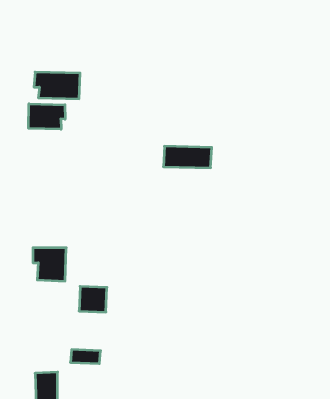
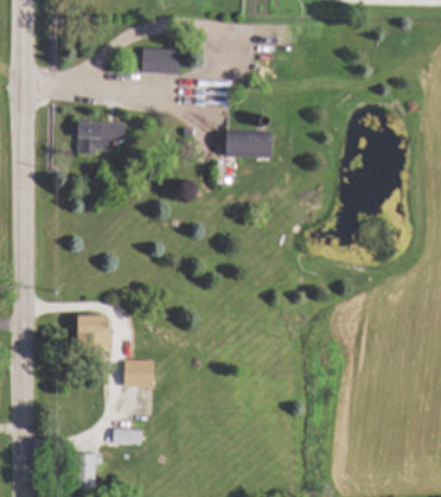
building: none -> [141,49,177,74]
building: [29,104,65,129] -> none
building: [163,146,212,168] -> [220,133,274,157]

